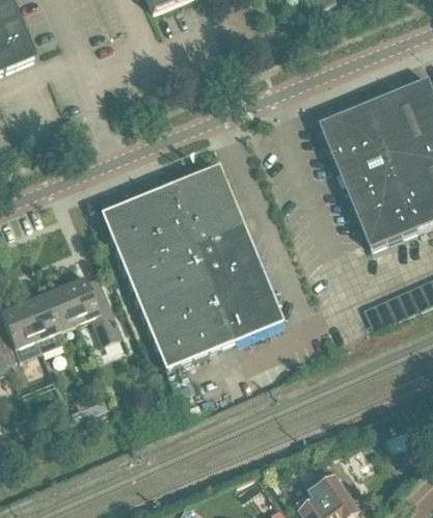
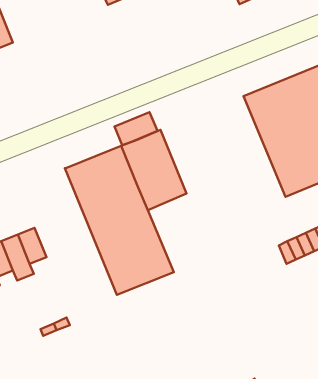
building: none -> [115,112,157,145]
building: [202,243,282,340] -> none
building: [62,276,121,344] -> none

